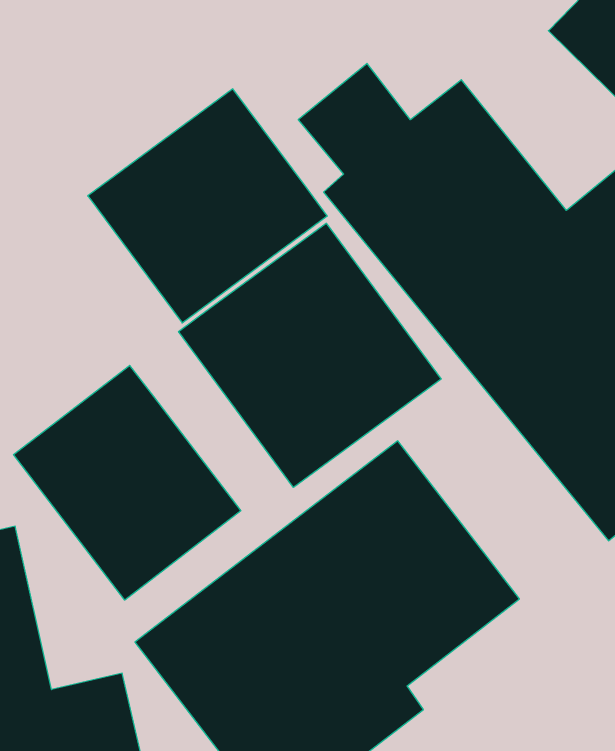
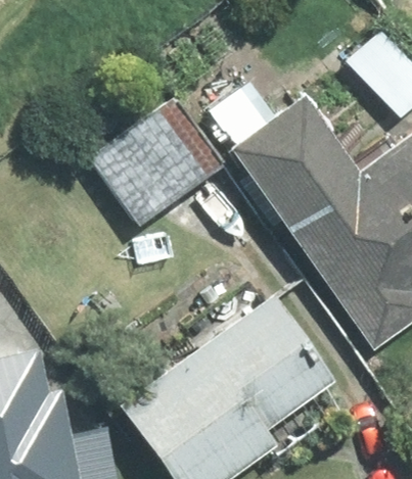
building: [179,223,441,487] -> none
building: [14,365,241,600] -> none

